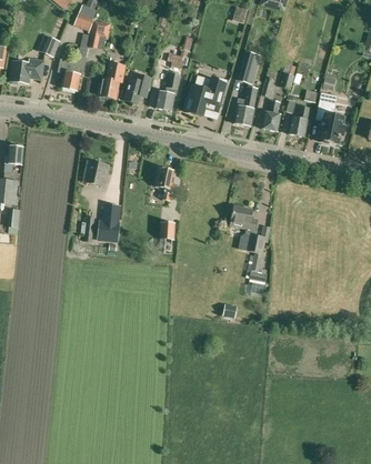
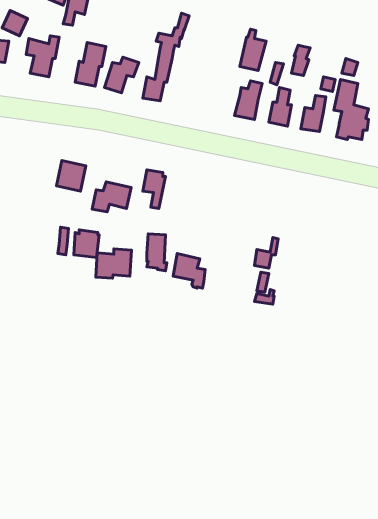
building: [183,77,227,114] -> none
building: none -> [92,182,131,212]
building: [230,205,257,234] -> [173,254,205,288]
building: none -> [96,249,131,278]

